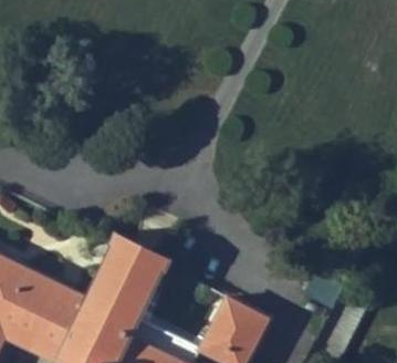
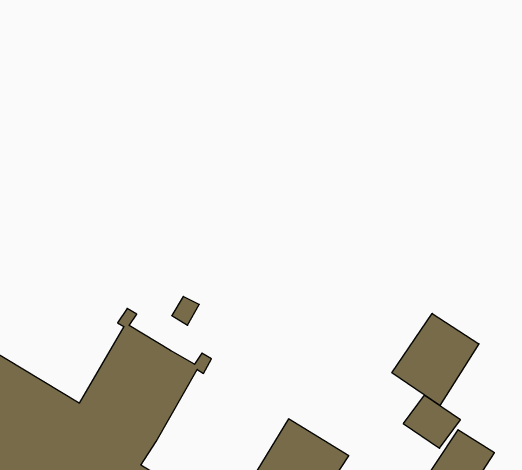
building: none -> [392,313,479,405]

